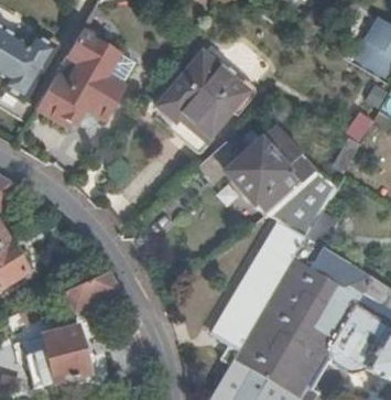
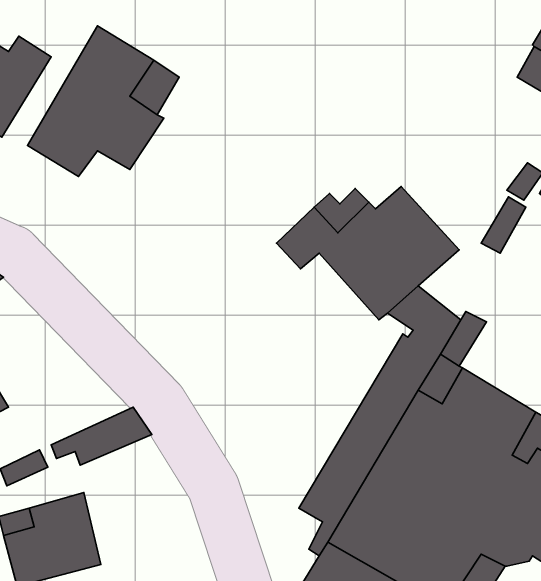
building: [159,52,249,144] -> none
building: [292,170,338,215] -> none

